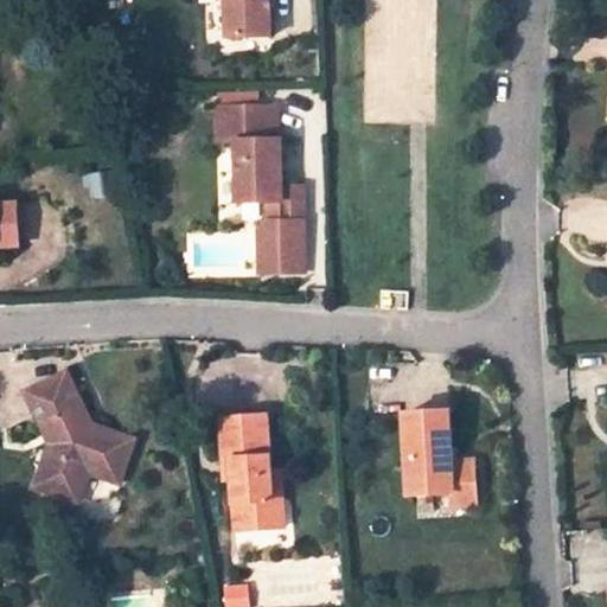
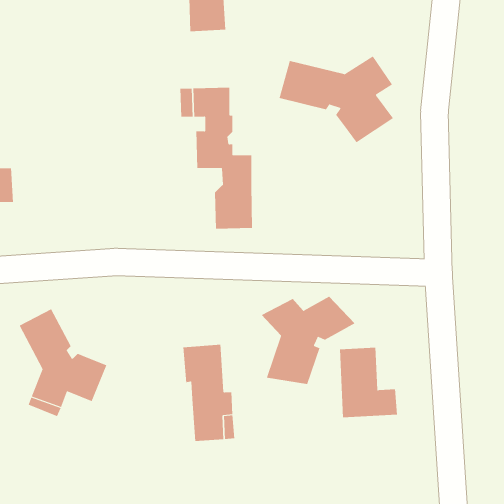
building: none -> [279,55,394,143]
building: none -> [261,296,355,385]

